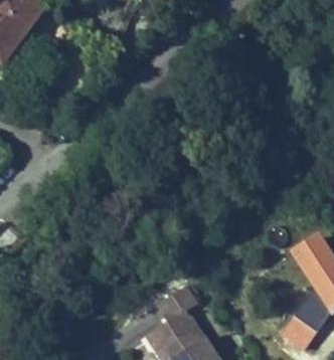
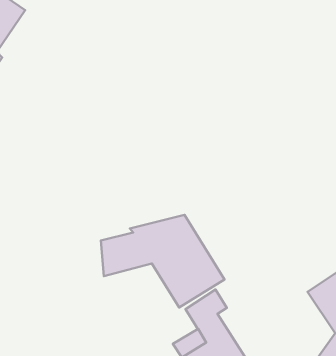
building: none -> [101,215,225,308]

